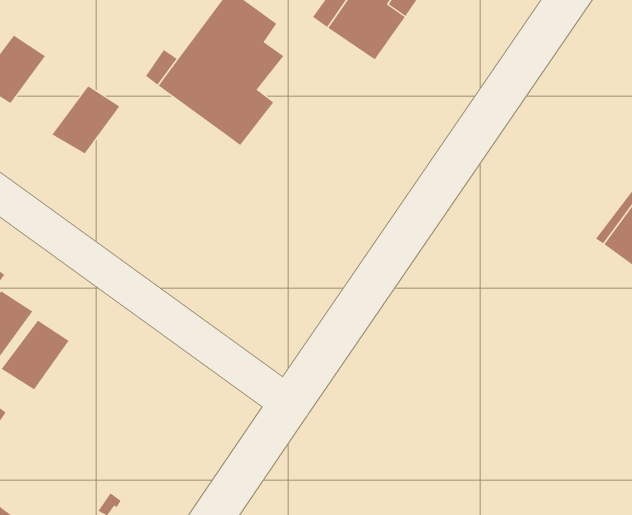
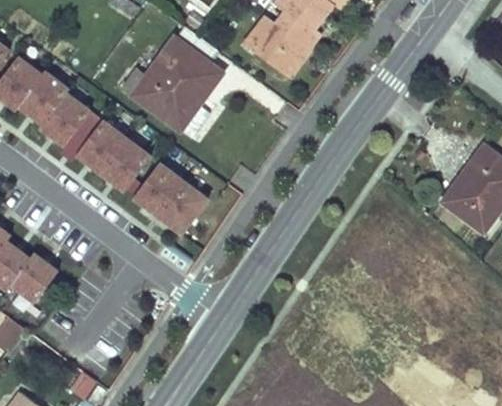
building: none -> [27,77,76,126]
building: none -> [86,124,157,190]
building: none -> [144,165,215,231]

